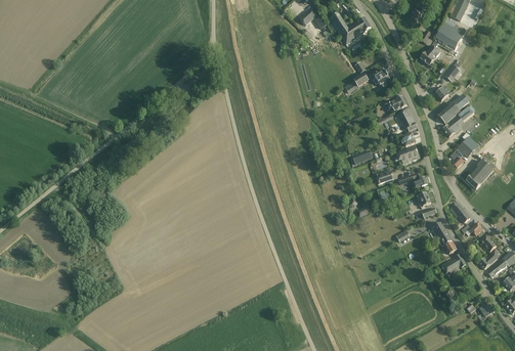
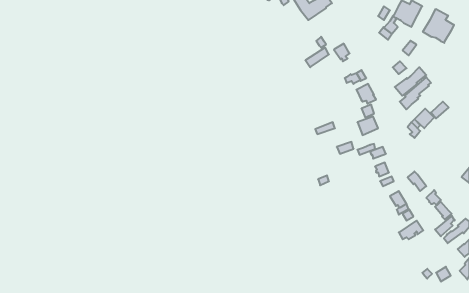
building: none -> [423,9,454,43]
building: [465,157,495,188] -> none

